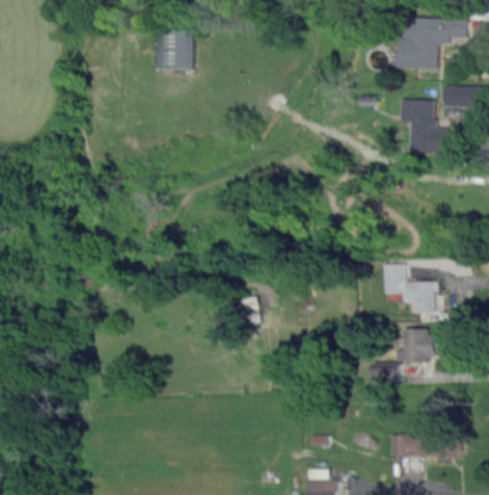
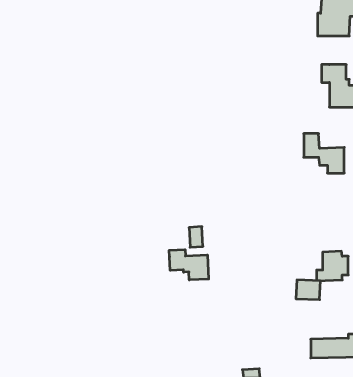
building: [153,31,191,70] -> none
building: [384,265,433,313] -> [304,134,344,173]
building: none -> [169,250,209,280]

